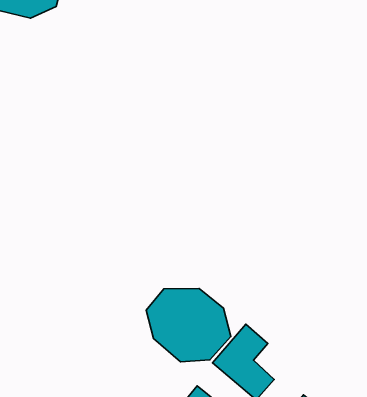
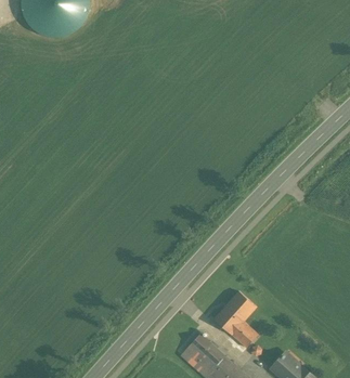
building: [146,288,231,362] -> none

